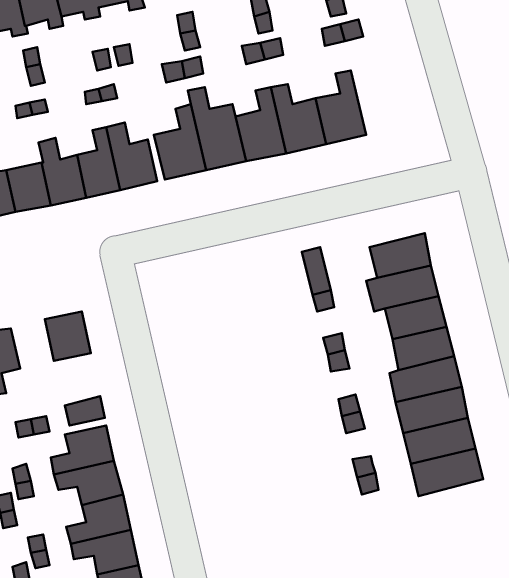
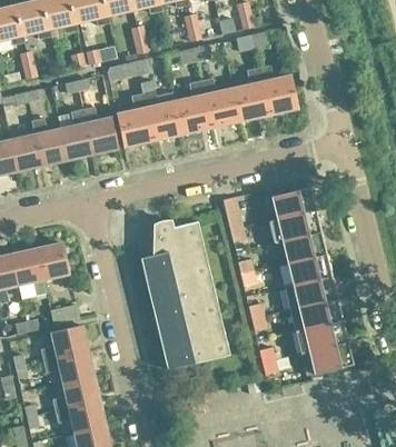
building: none -> [257,64,298,115]
building: none -> [140,220,229,369]
building: none -> [11,248,46,295]

